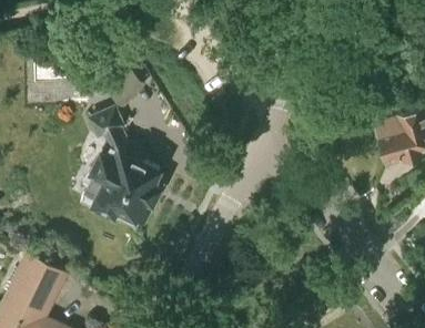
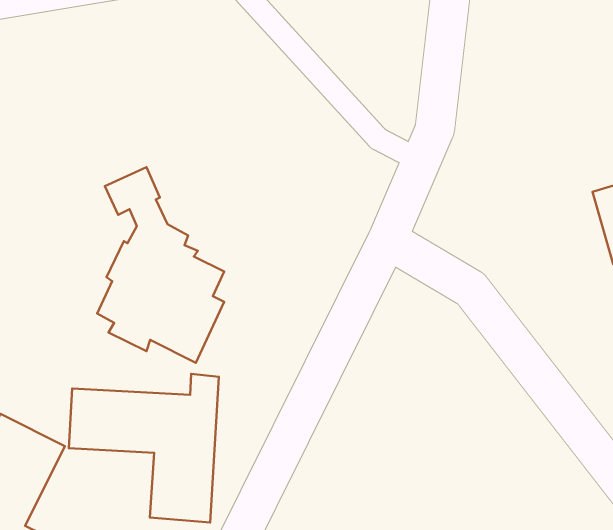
building: none -> [69,374,219,522]

